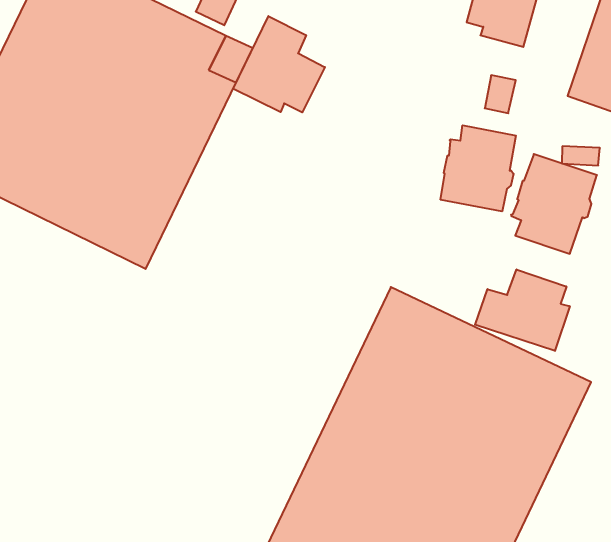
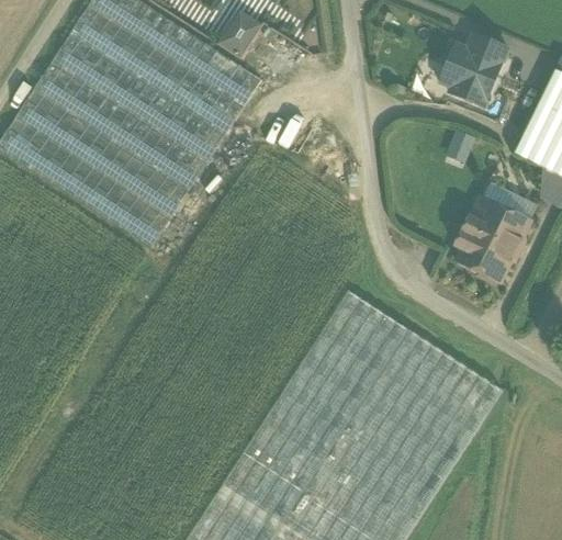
building: [233,16,325,112] -> none
building: [441,125,516,211] -> none
building: [475,269,570,351] -> none

